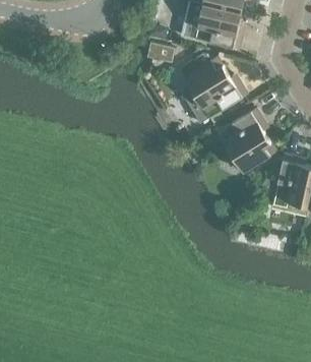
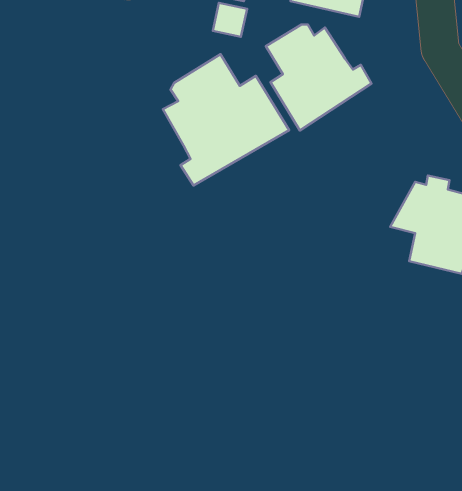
building: none -> [163,54,289,185]
building: [216,107,275,172] -> none

